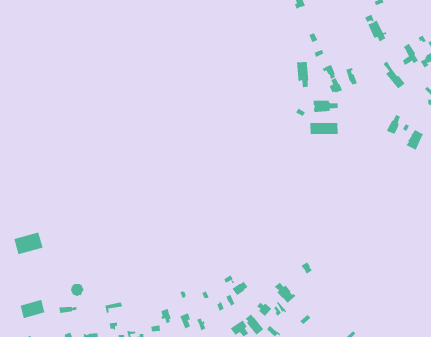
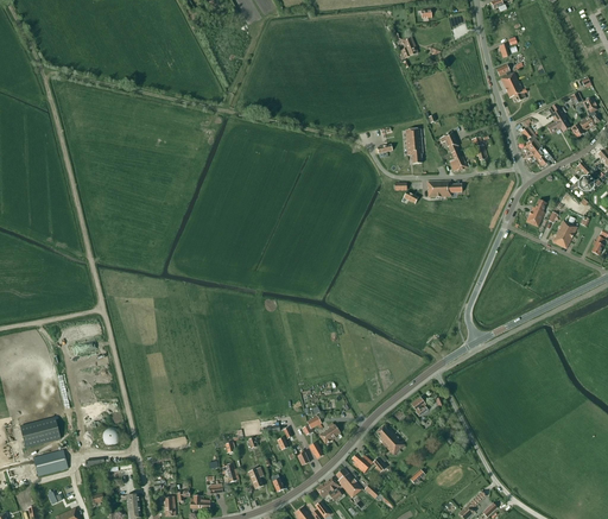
building: [310,122,338,135] -> none
building: [13,232,43,255] -> [19,417,59,448]

